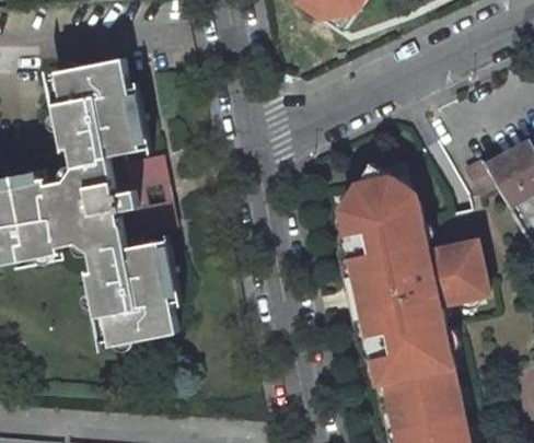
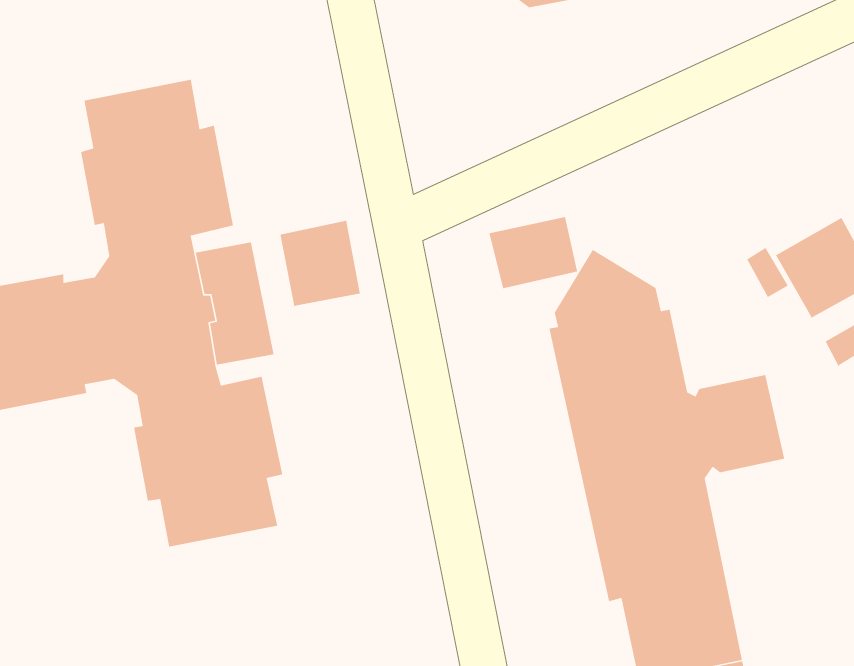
building: none -> [488,215,578,289]
building: none -> [279,220,362,307]

